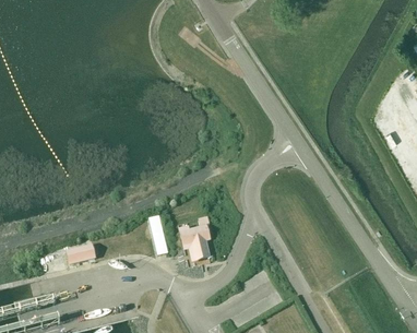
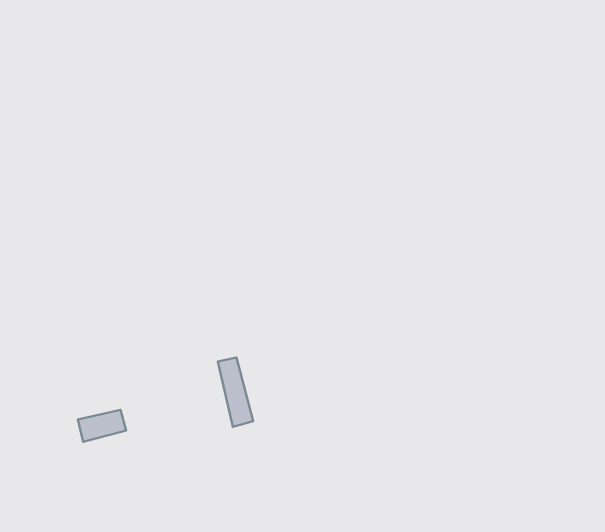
building: [181,227,210,257] -> none

